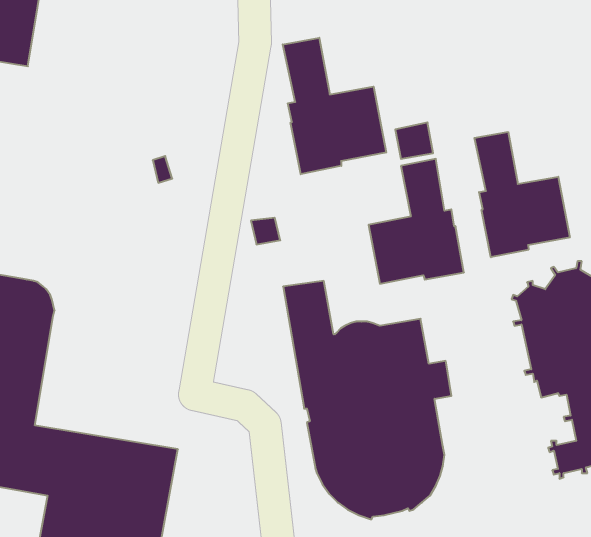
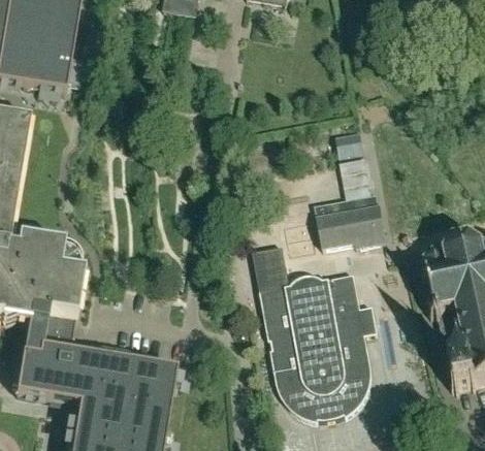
building: [283,38,386,174] -> none
building: [474,132,570,257] -> none

